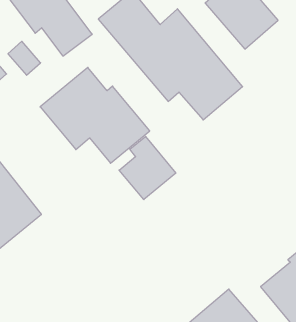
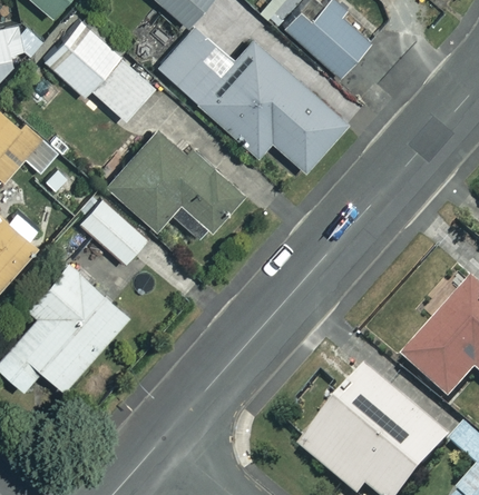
building: none -> [78,199,146,264]
building: [119,136,176,200] -> none

